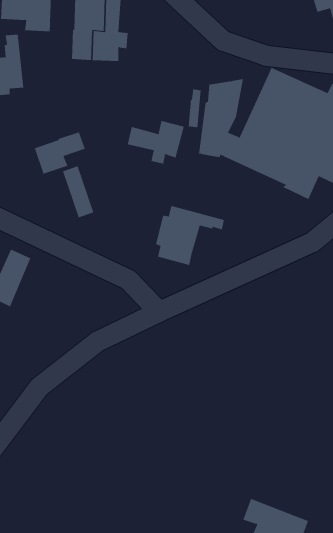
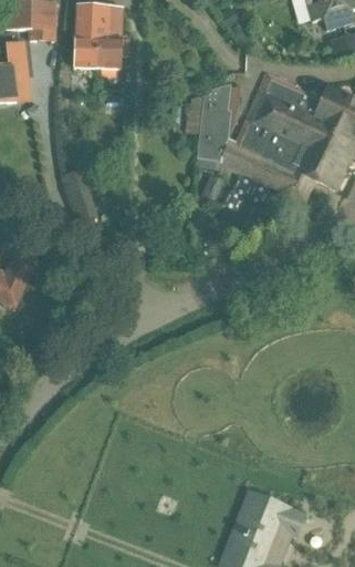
building: [127,120,184,164] -> none
building: [34,131,86,174] -> none
building: [155,205,225,266] -> none

